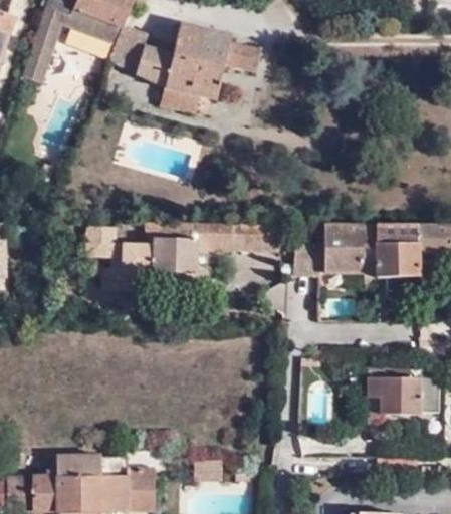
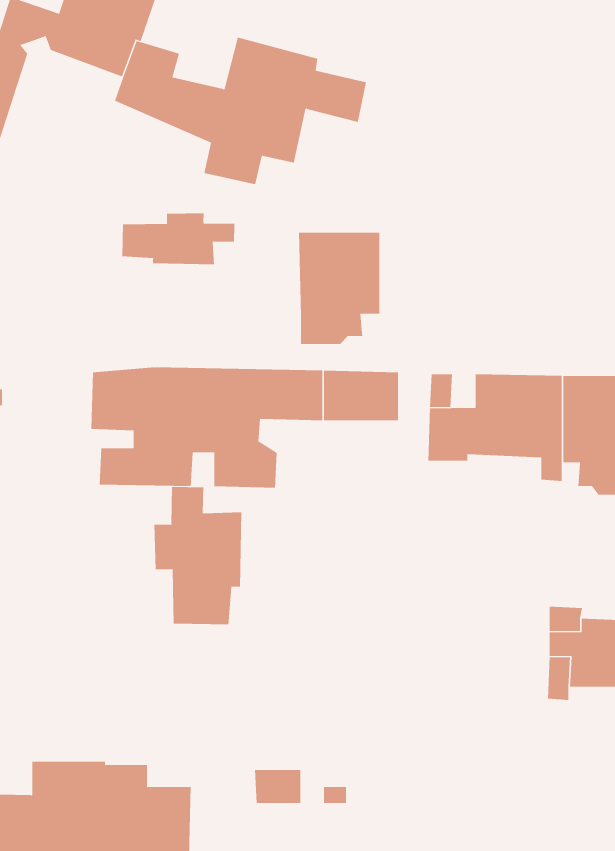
building: none -> [122,212,235,265]
building: none -> [298,232,380,345]
building: none -> [154,486,242,625]

